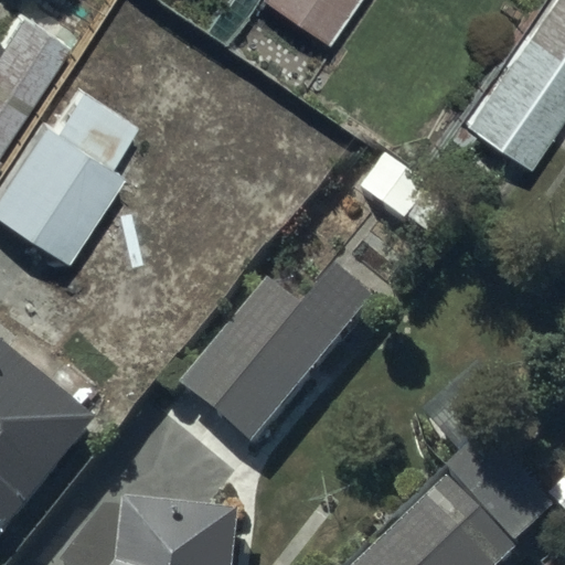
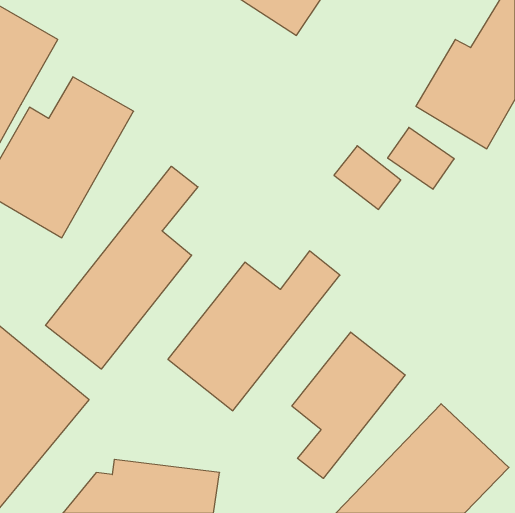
building: none -> [46,166,198,369]
building: none -> [292,332,405,478]

